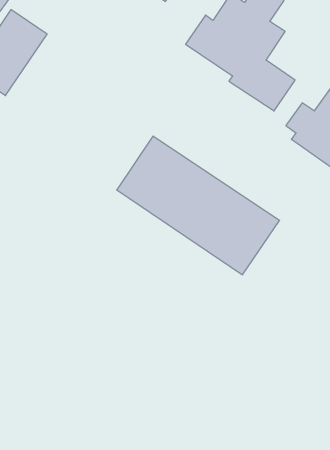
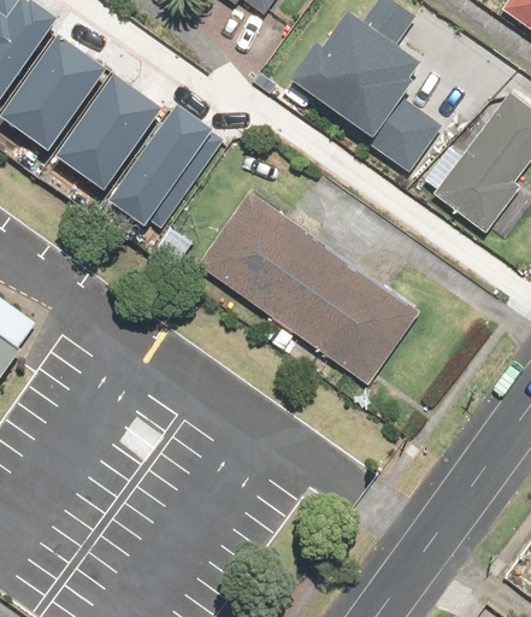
building: none -> [58,72,161,187]
building: none -> [114,104,223,221]

